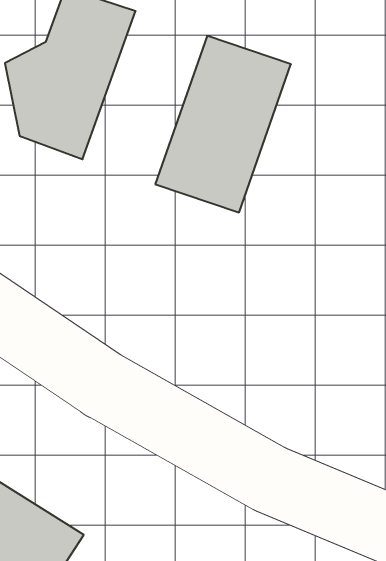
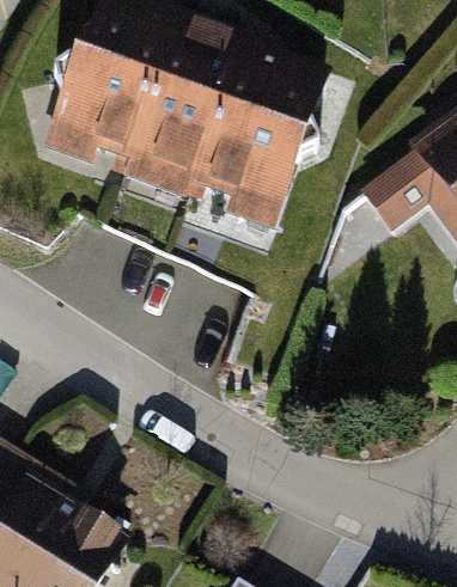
building: none -> [120,26,240,194]

